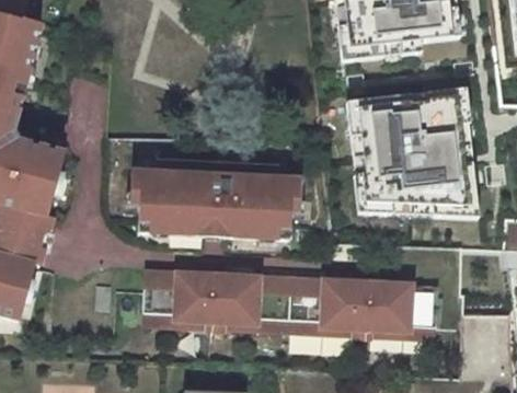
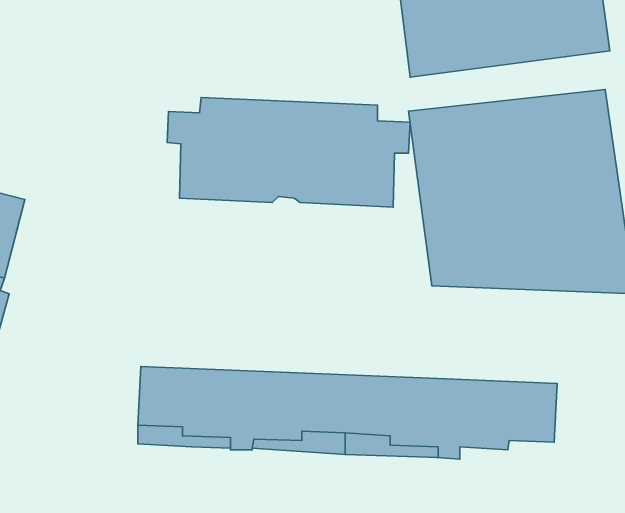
building: [129,161,301,239] -> [167,97,410,207]

